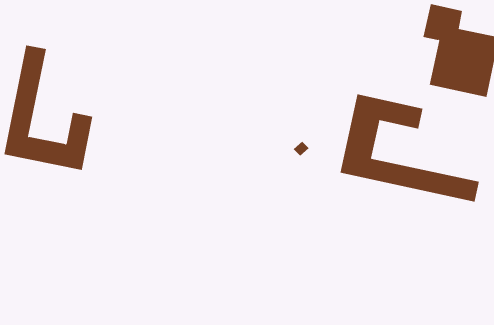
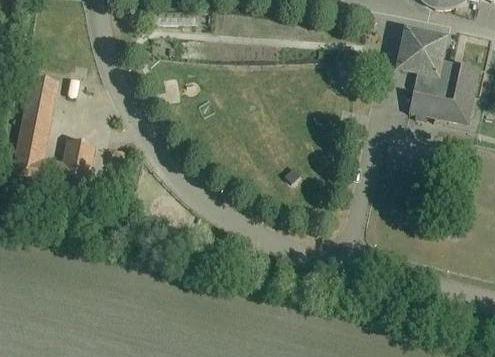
building: [340,93,480,202] -> none

